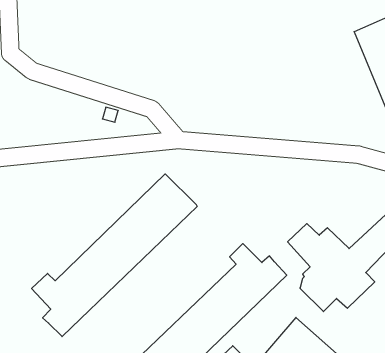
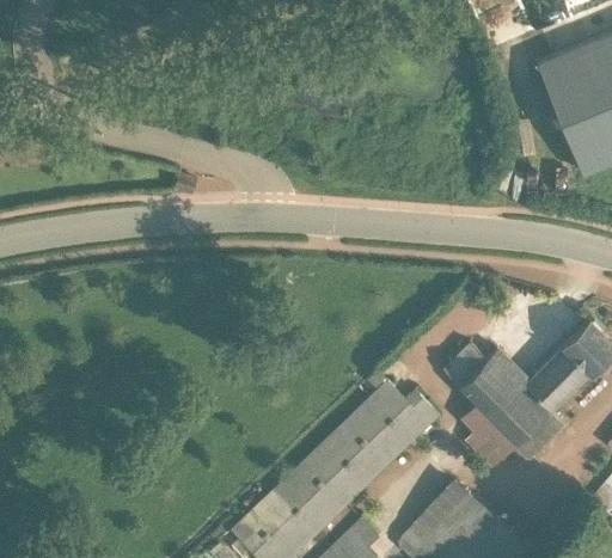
building: [32,174,197,337] -> none

